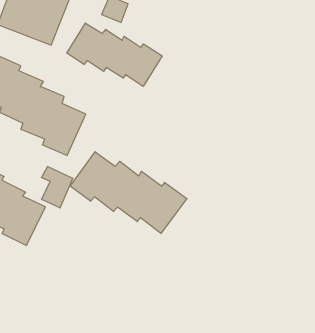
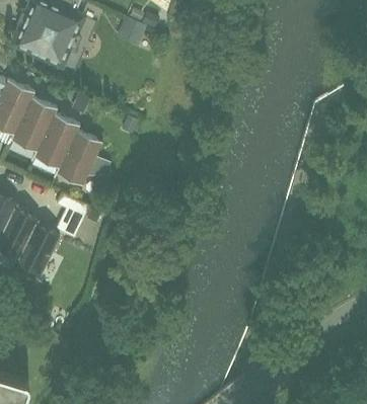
building: [67,23,162,86] -> none
building: [70,152,187,233] -> none

